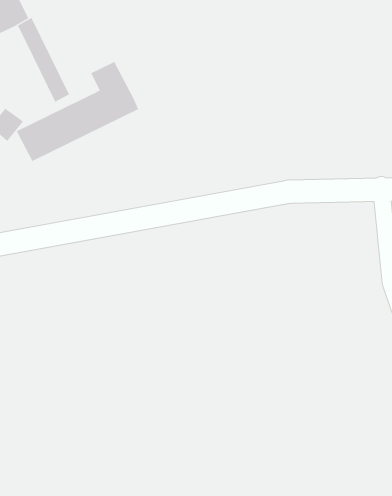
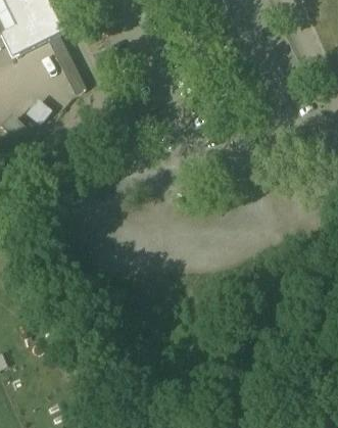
building: [16,61,139,162] -> none

